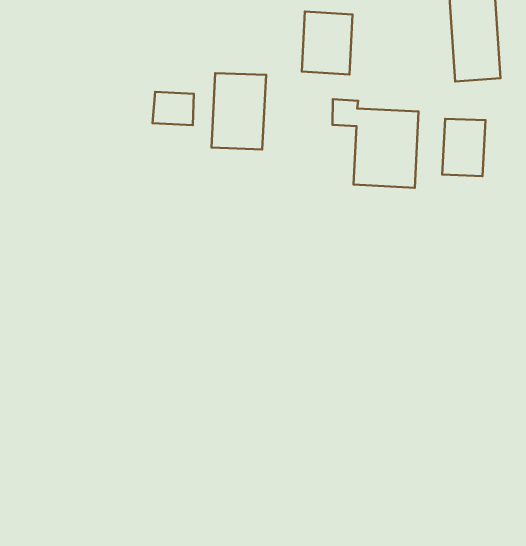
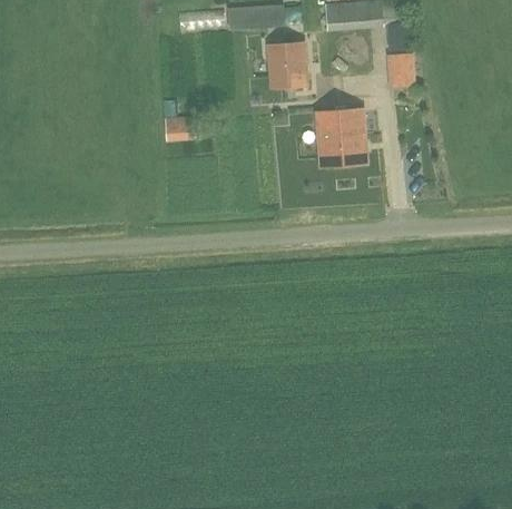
building: [211,73,266,149] -> none
building: [442,119,485,176] -> none

